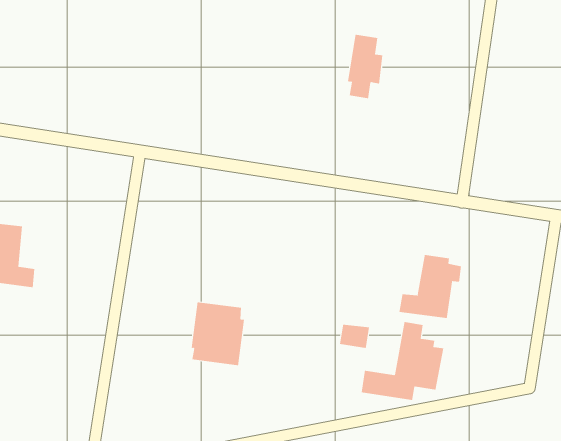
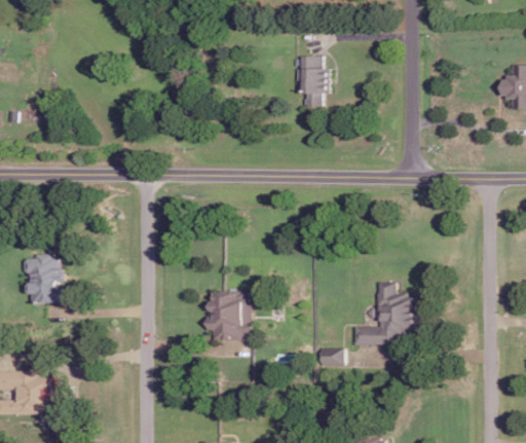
building: [399,254,461,319] -> none
building: [339,324,370,348] -> [318,347,341,365]

